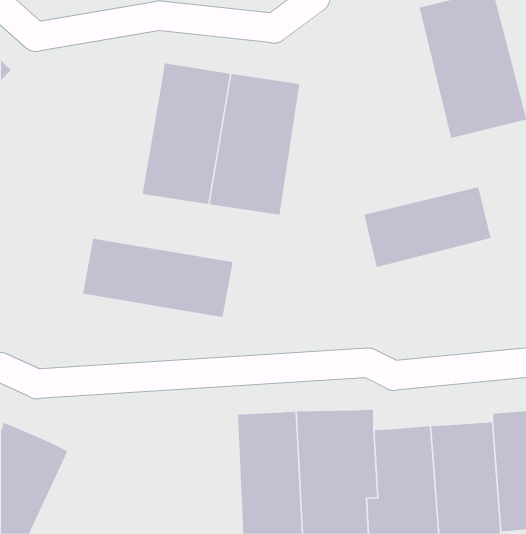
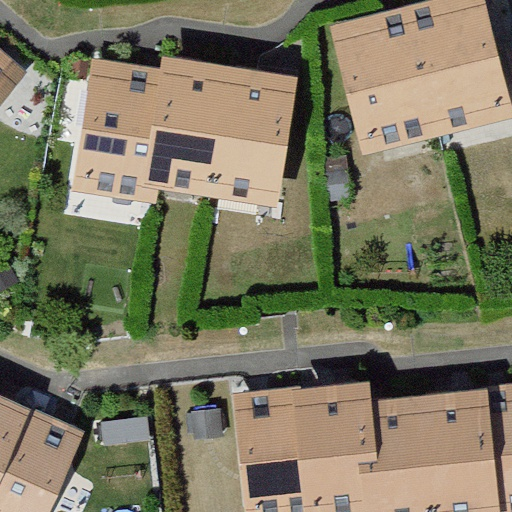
building: none -> [335,7,439,150]
building: none -> [74,56,165,195]
building: [364,186,491,268] -> none
building: [83,238,233,318] -> none

